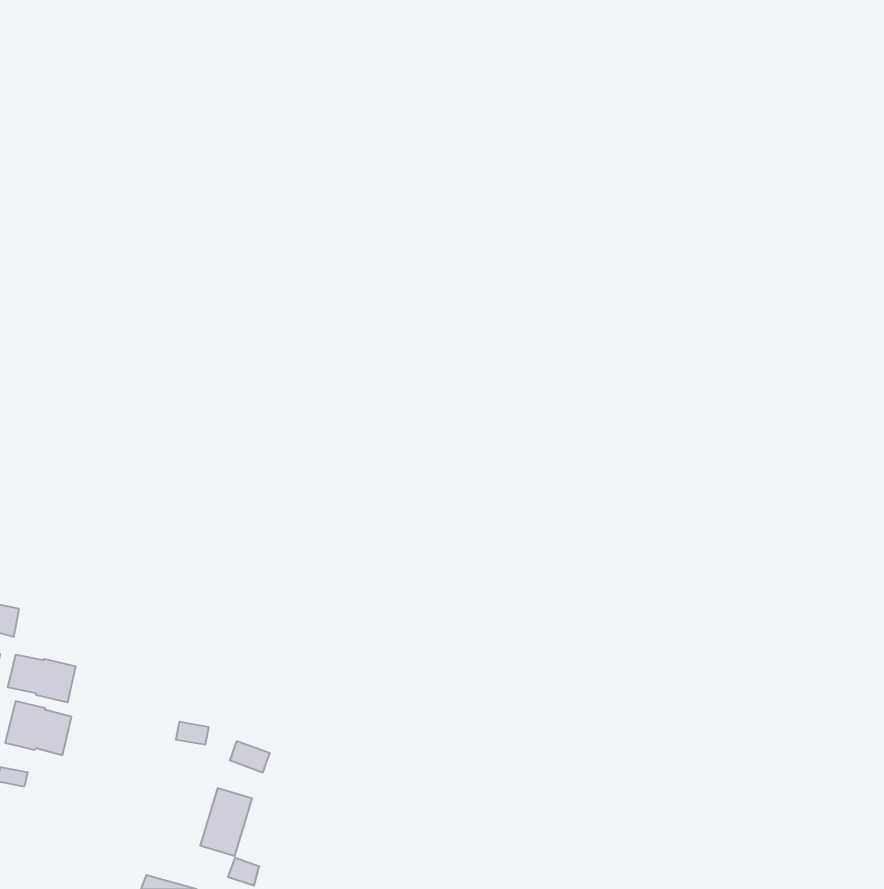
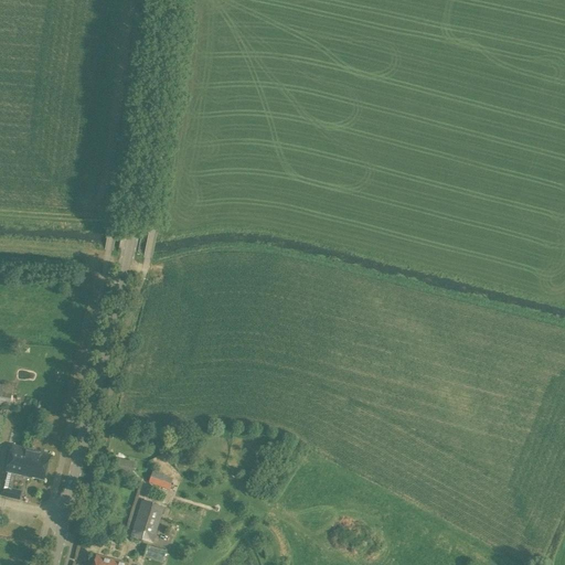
building: [8,655,76,703] -> none

